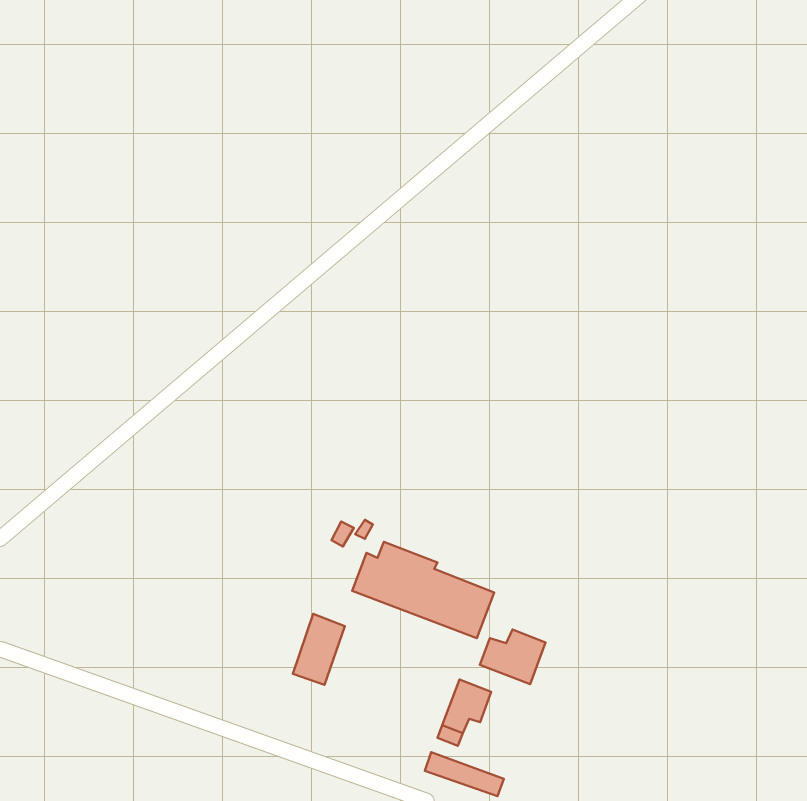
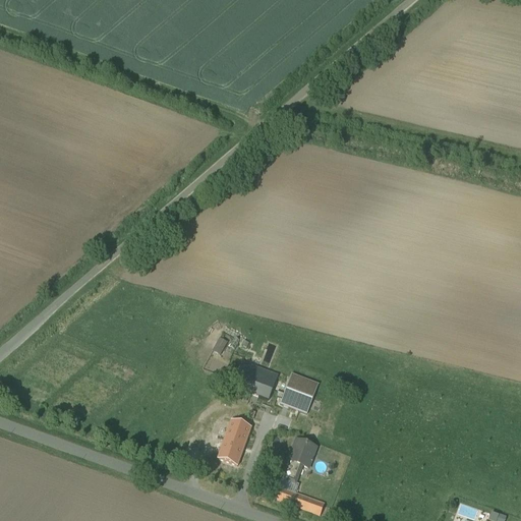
building: [293,614,345,685] -> [218,417,251,463]
building: [480,630,545,684] -> none

